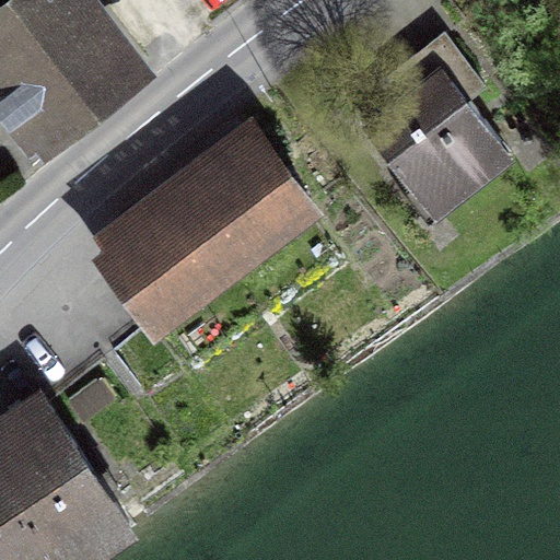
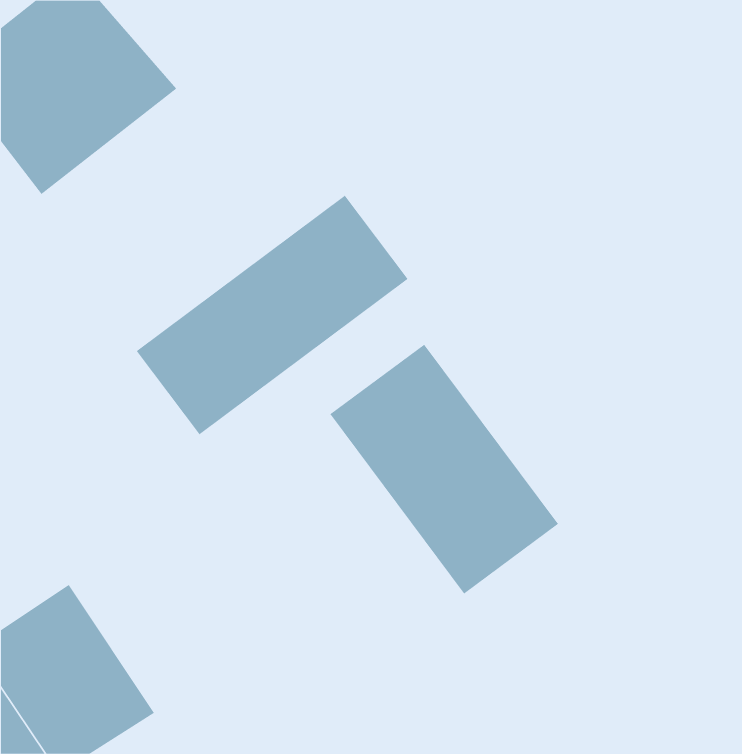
building: [375,80,506,215] -> none
building: none -> [329,344,559,594]

